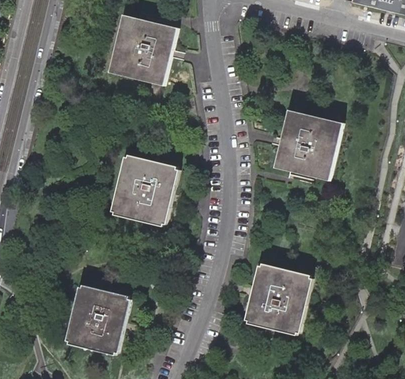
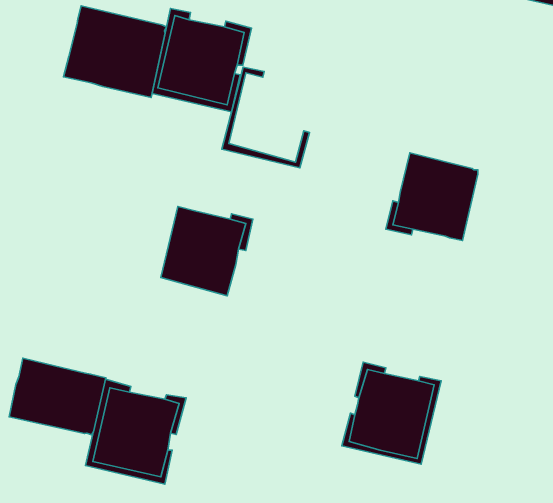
building: none -> [64,6,167,97]
building: [281,112,344,183] -> none
building: [110,150,172,221] -> [222,67,310,168]
building: none -> [9,358,106,435]

